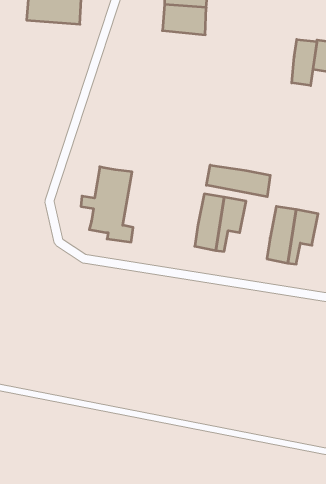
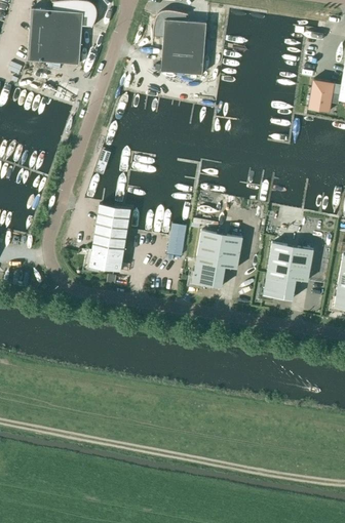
building: [292,39,317,86] -> none
building: [206,165,270,197] -> none
building: none -> [167,224,187,256]

